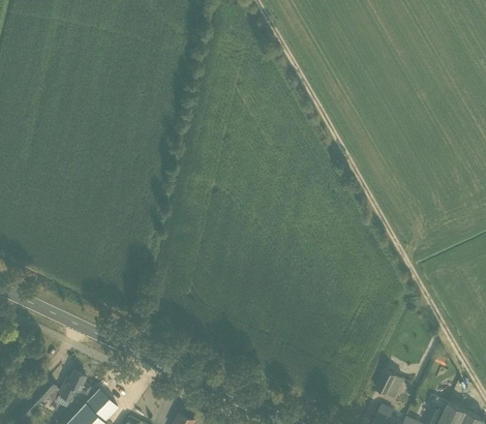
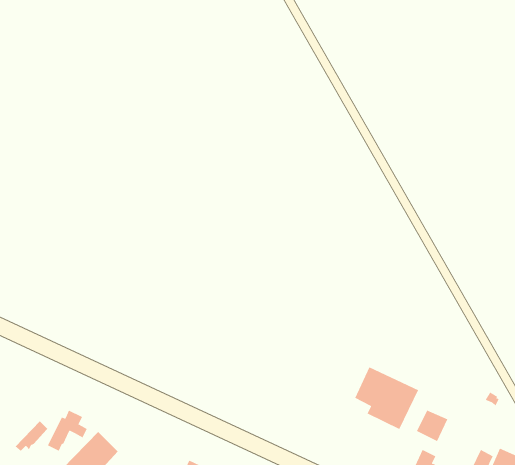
building: none -> [355,366,419,430]

